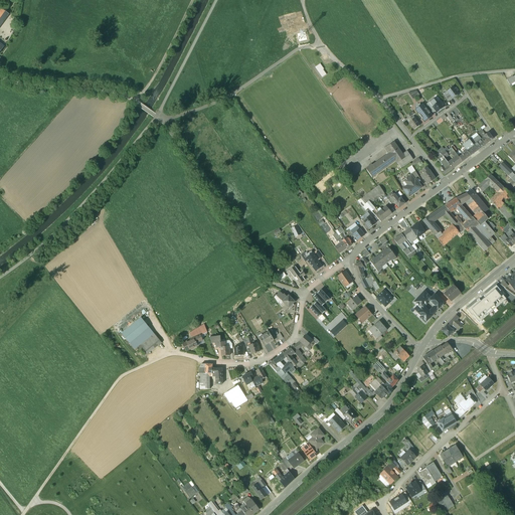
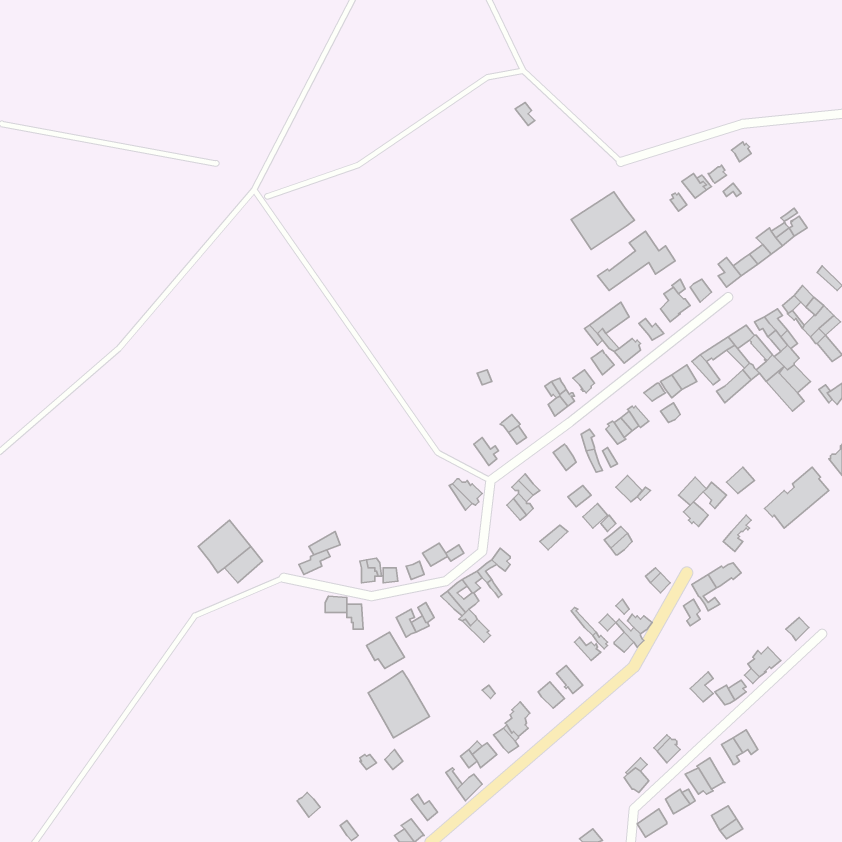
building: none -> [571,192,635,250]
building: none -> [368,671,430,738]

